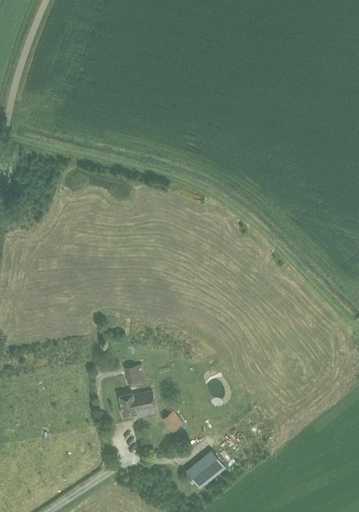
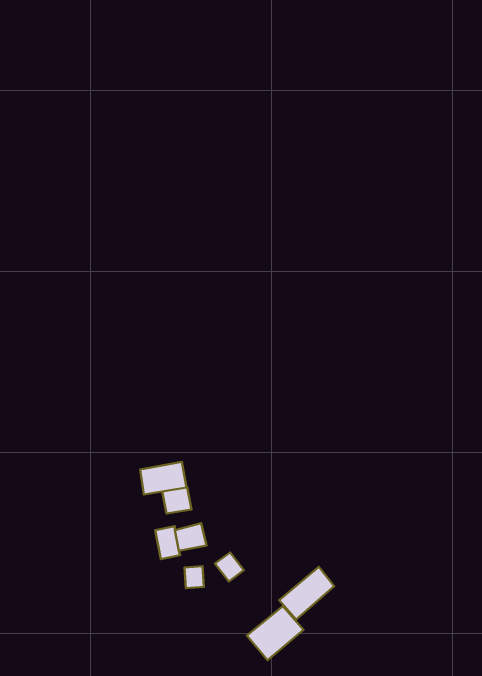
building: none -> [140,462,186,495]
building: none -> [279,567,334,620]

